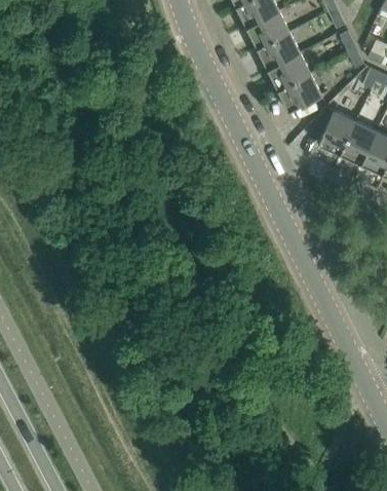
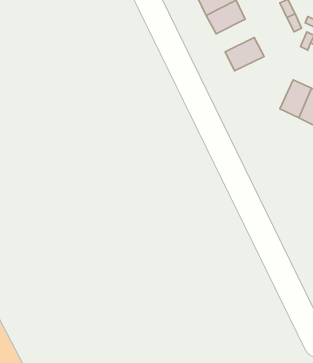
building: [267,52,310,89] -> none
building: [317,111,354,154] -> none

